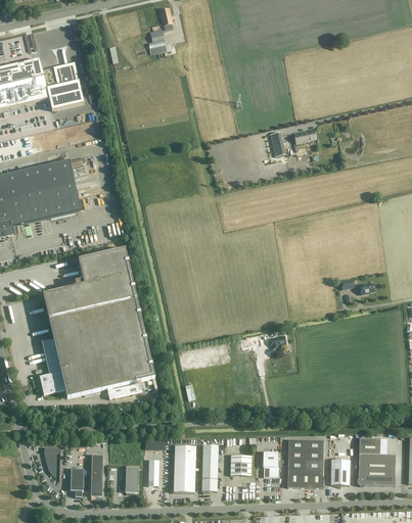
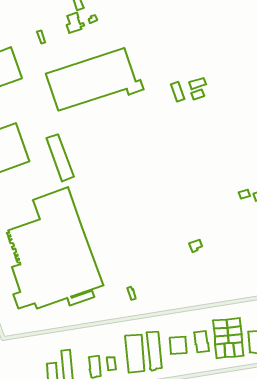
building: none -> [46,48,144,111]
building: none -> [46,134,74,182]
building: [42,446,59,480] -> none

